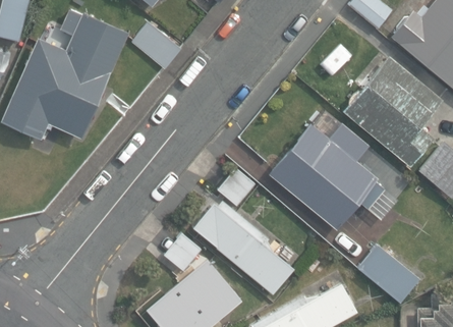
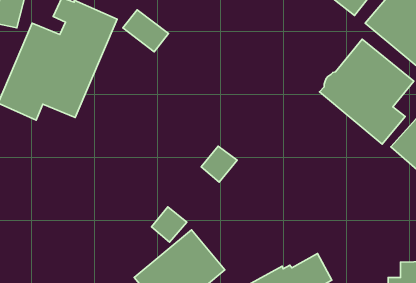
building: [270,110,386,230] -> none
building: [191,202,293,295] -> none
building: [357,244,420,304] -> none

